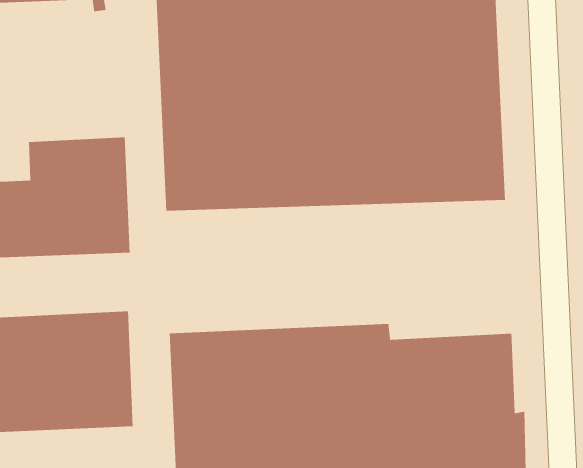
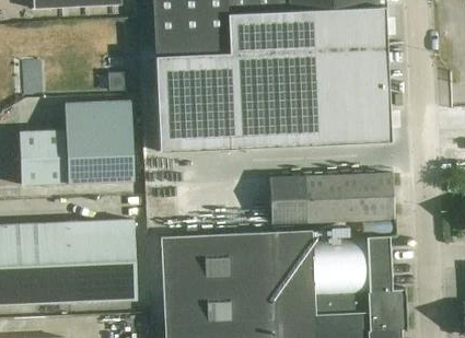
building: none -> [270,153,394,222]

